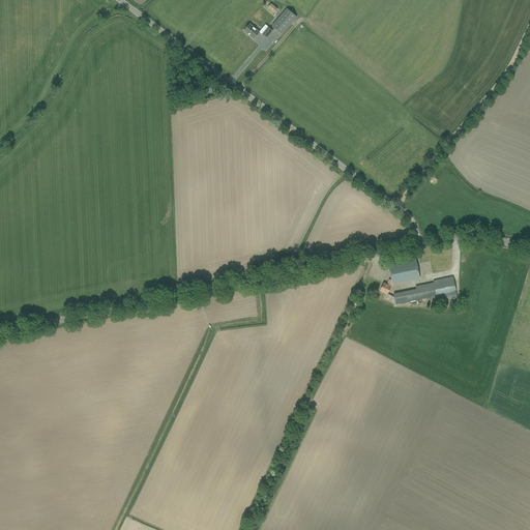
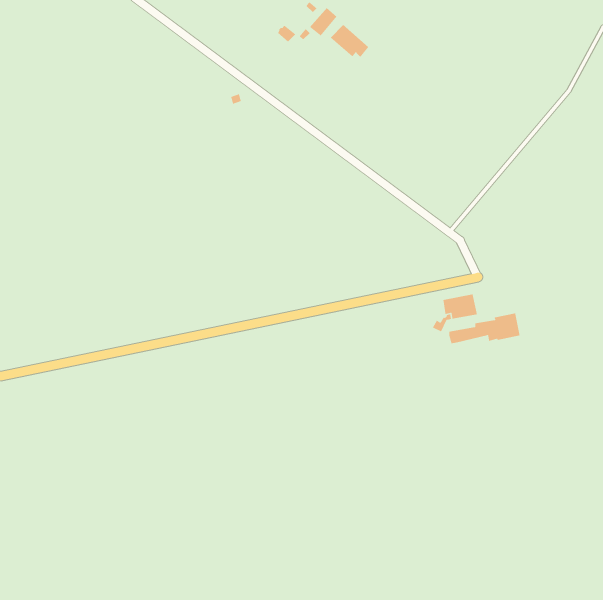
building: none -> [330,24,369,58]

